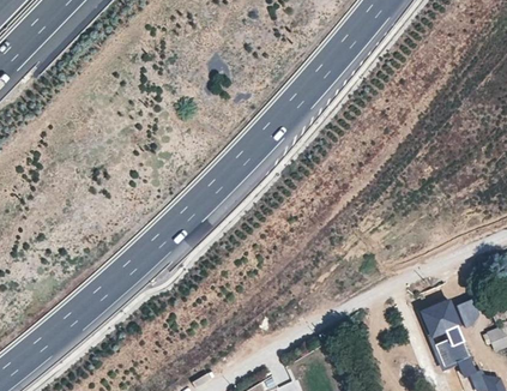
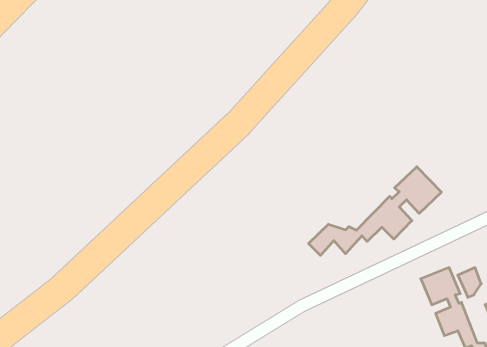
building: none -> [309,167,441,255]

